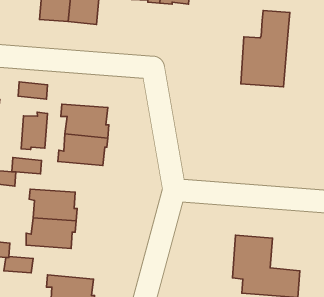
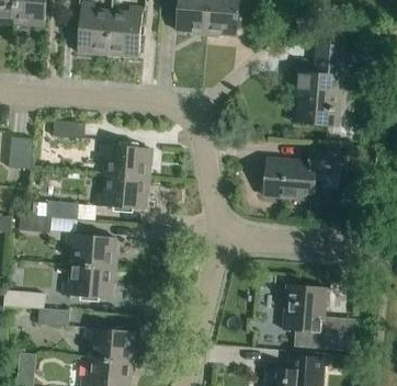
building: none -> [264,146,342,198]
building: [21,112,48,150] -> none

